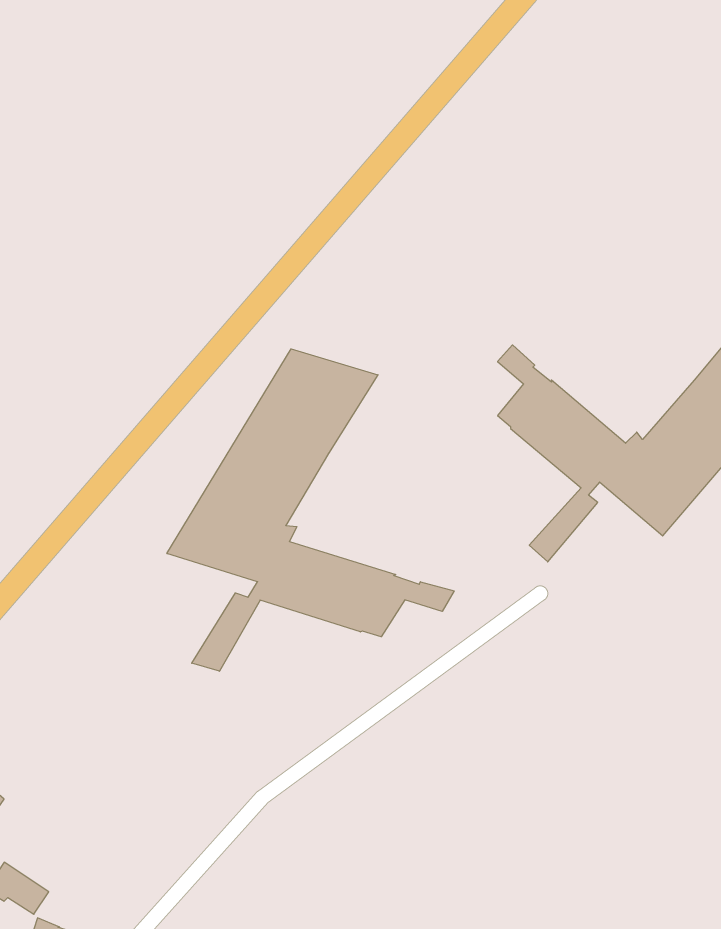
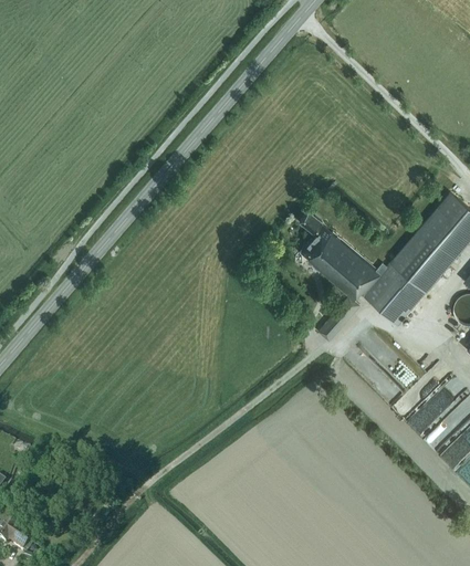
building: [167,349,454,671] -> none

